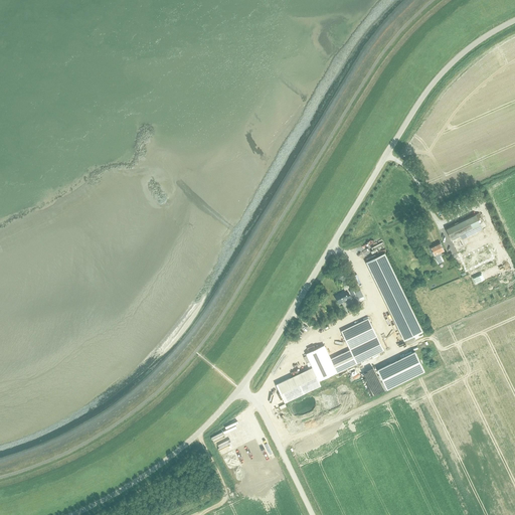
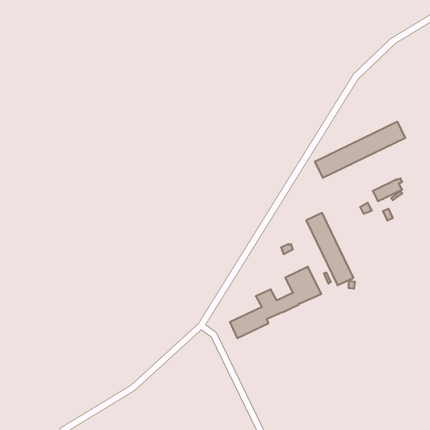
building: none -> [315,122,405,178]
building: [377,352,424,390] -> none

